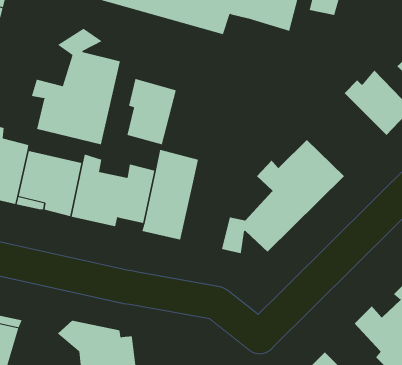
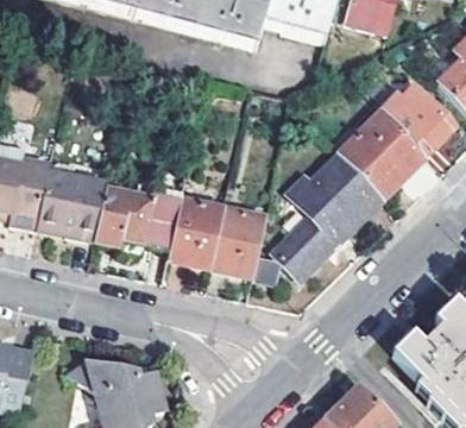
building: [31,28,121,145] -> none
building: [127,78,176,145] -> none
building: none -> [338,109,426,197]
building: none -> [208,207,264,275]

